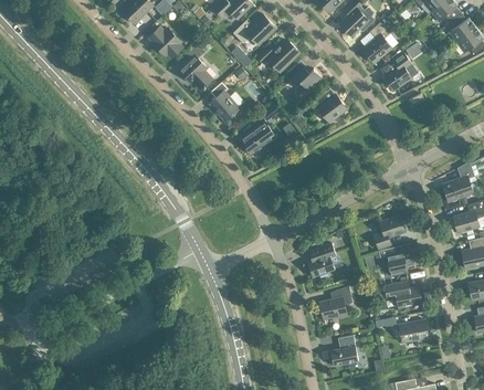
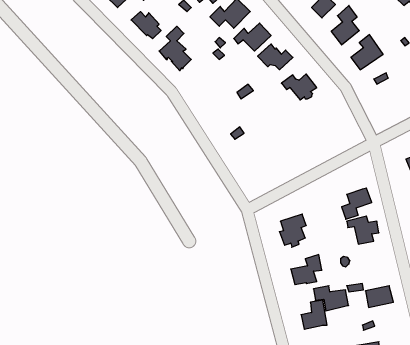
building: [209,82,238,120] -> none
building: [239,122,275,155] -> none
building: [383,282,421,308] -> [313,286,349,311]

